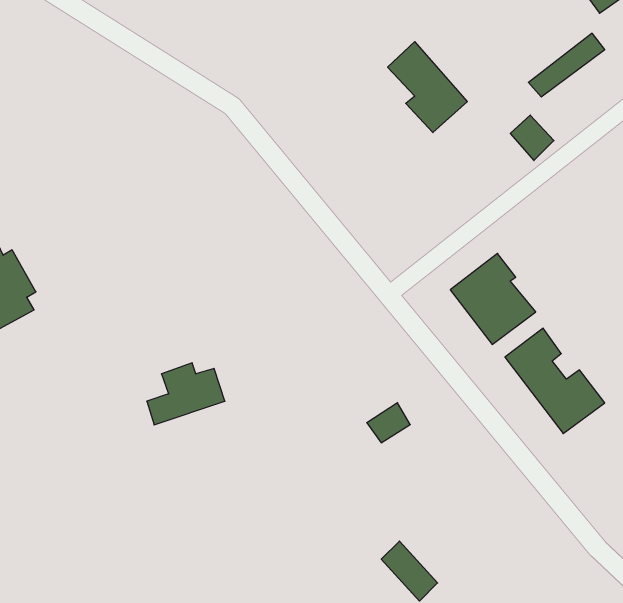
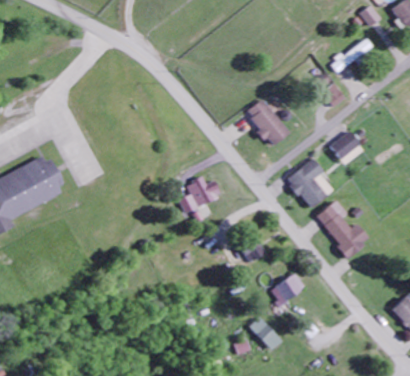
building: [388,42,467,133] -> [247,99,291,149]
building: none -> [330,131,364,165]
building: [147,363,225,425] -> [179,178,222,212]
building: none -> [269,273,305,304]

